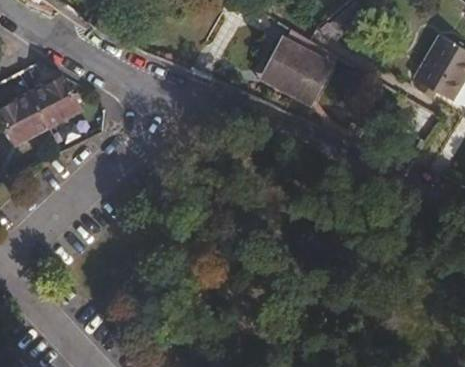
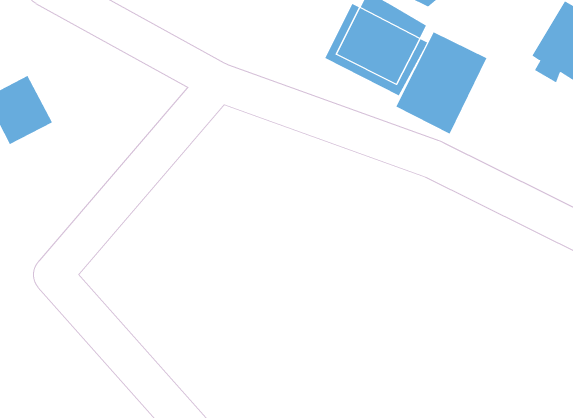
building: none -> [395,31,487,134]
building: [29,77,80,130] -> none

